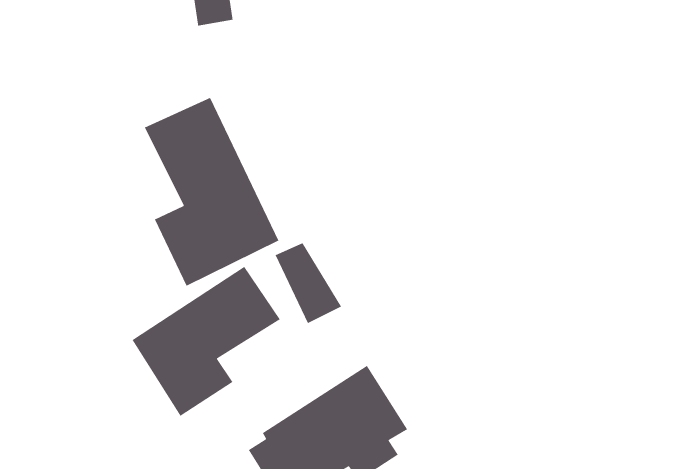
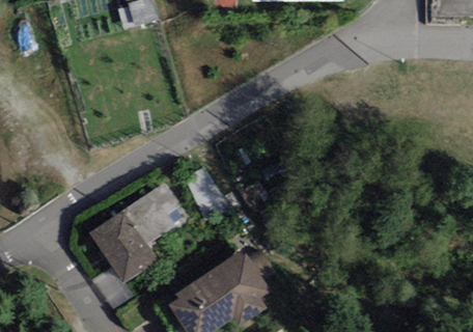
building: [144,97,279,287] -> none

